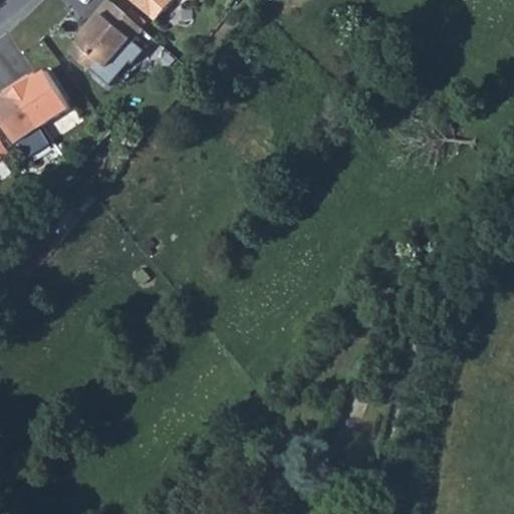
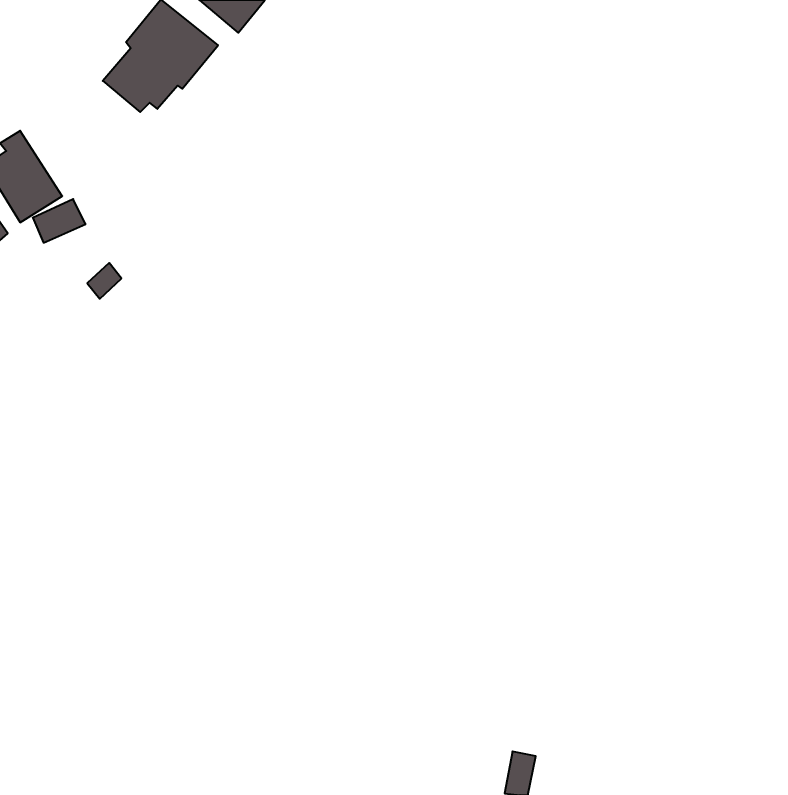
building: [13,71,67,126] -> none

